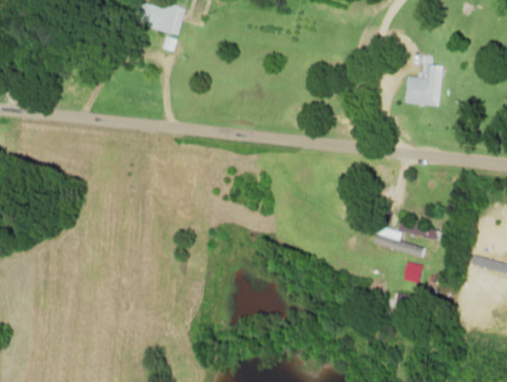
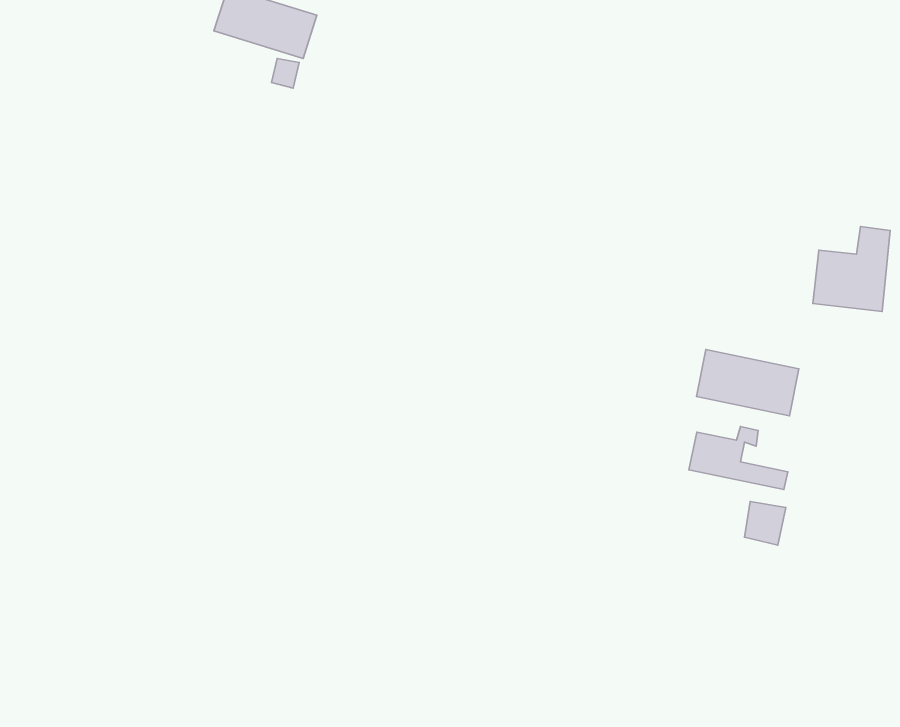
building: [404,64,443,107] -> [813,226,890,311]
building: none -> [696,350,799,416]

